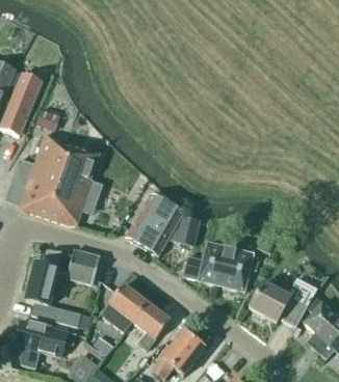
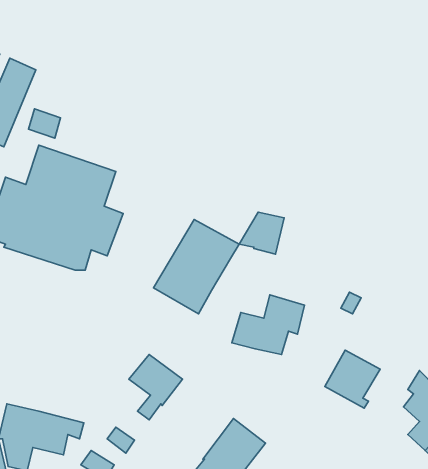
building: [166,216,199,246] -> [239,212,284,254]
building: [25,249,99,326] -> none
building: [216,249,254,292] -> none
building: [275,278,316,327] -> none
building: [131,302,170,350] -> none

